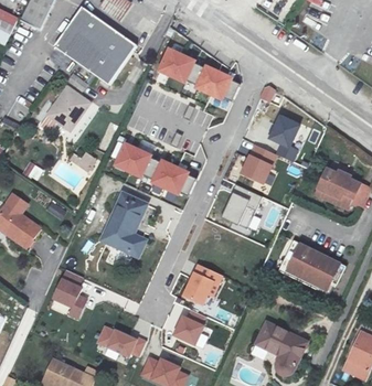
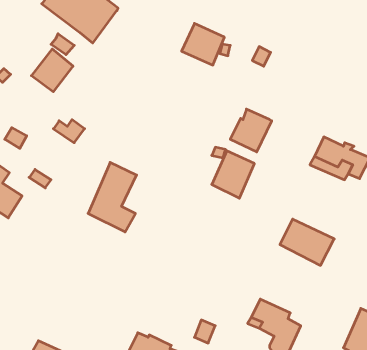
building: [155,44,196,83] -> none
building: [266,111,299,160] -> none
building: [111,139,151,178] -> none
building: [148,156,189,194] -> none
building: [180,262,224,305] -> none
building: [51,268,88,320] -> none
building: [171,314,204,346] -> none
building: [94,324,146,358] -> none

